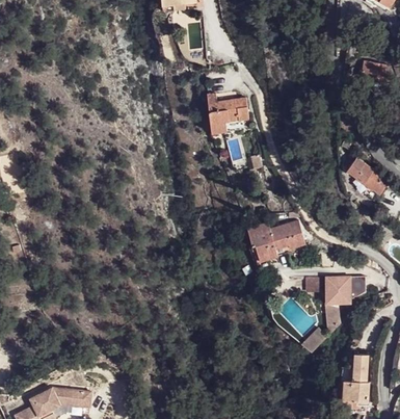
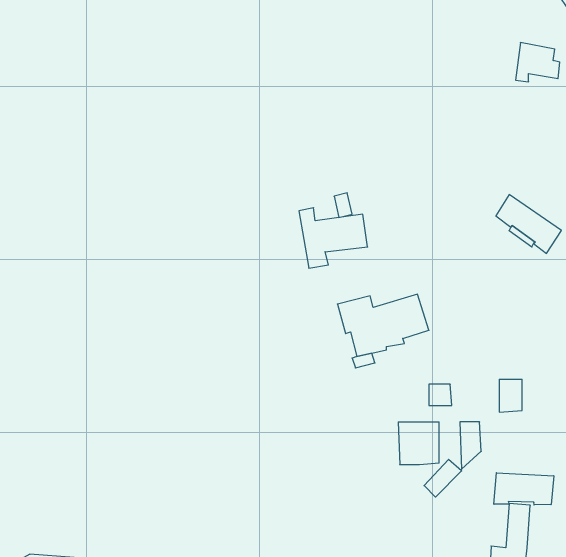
building: [207,95,250,133] -> [299,208,368,268]
building: [324,276,350,303] -> [398,422,439,465]
building: none -> [494,473,554,505]

